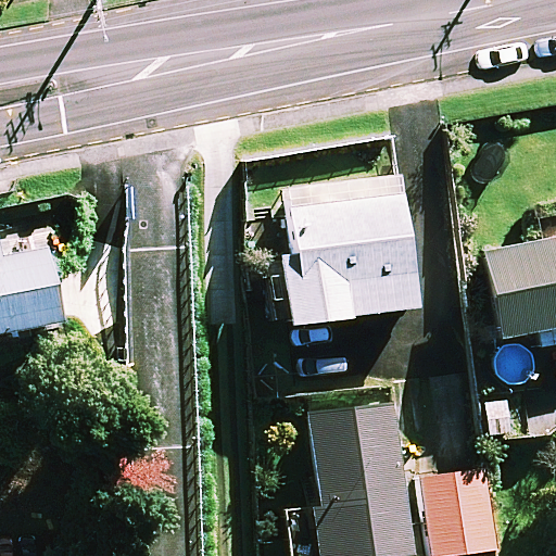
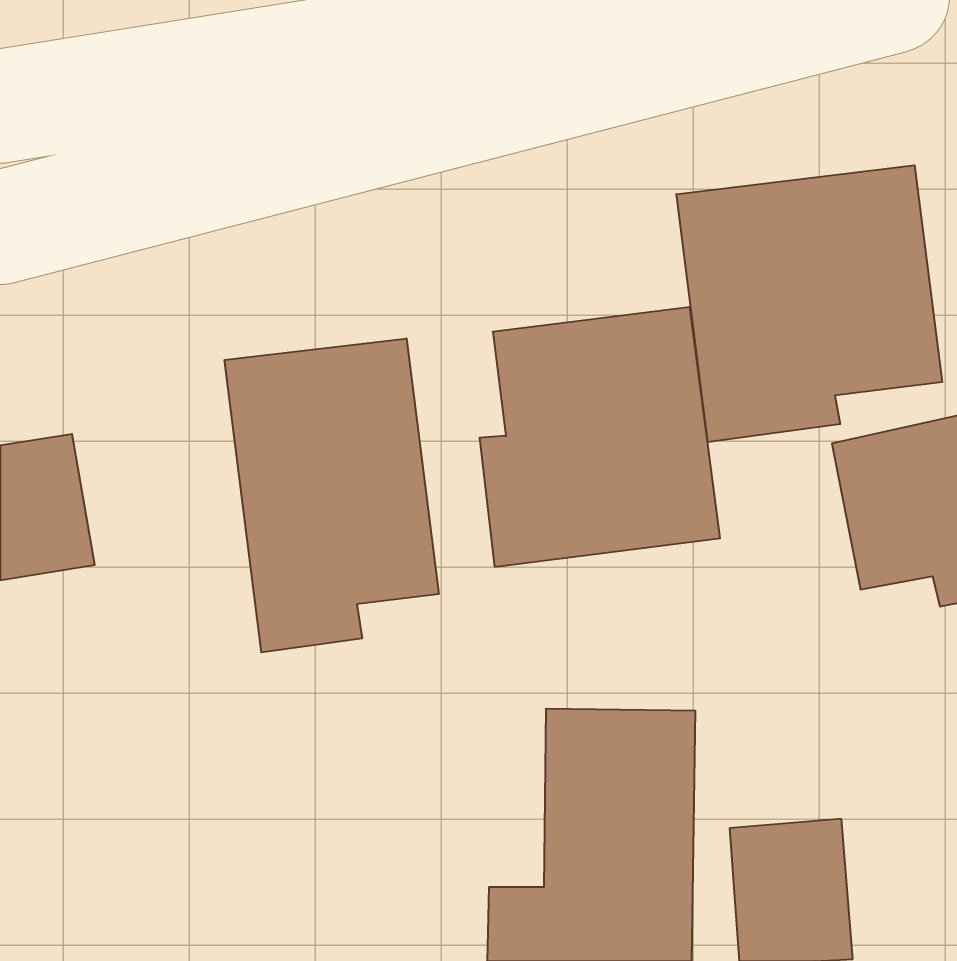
building: none -> [676,165,942,442]
building: none -> [225,338,439,652]

